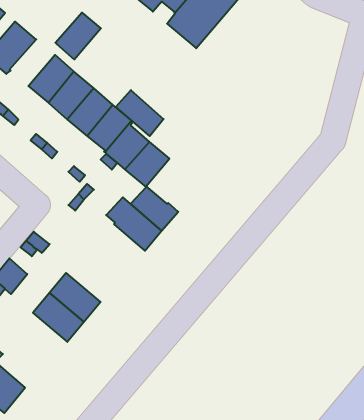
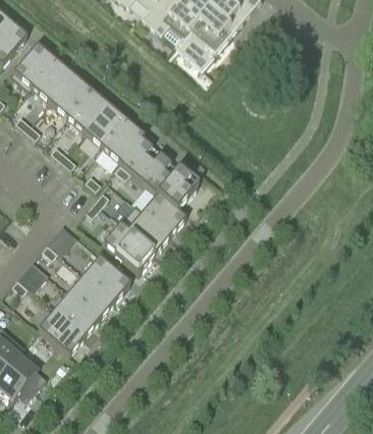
building: [55,13,101,59] -> [32,59,73,102]
building: [116,90,164,136] -> none
building: none -> [157,168,198,210]
building: none -> [103,220,156,272]
building: none -> [84,255,130,300]
building: none -> [38,310,85,355]

